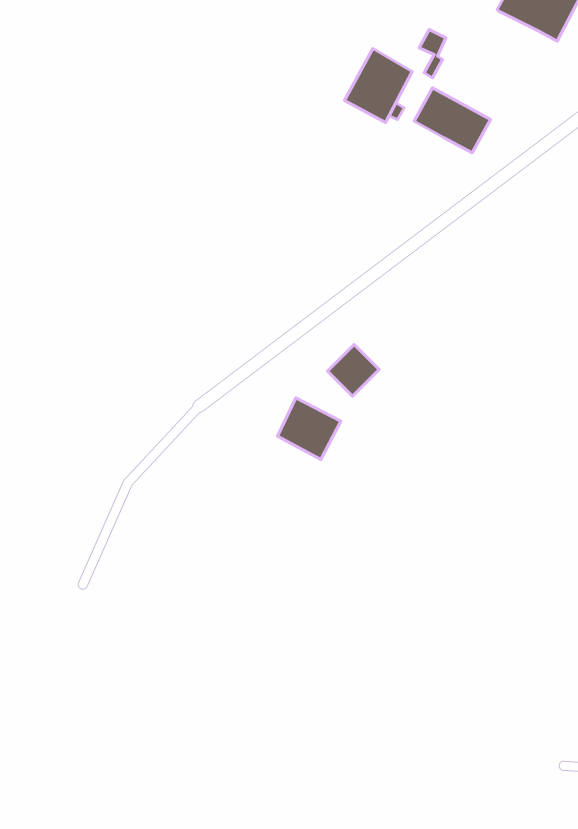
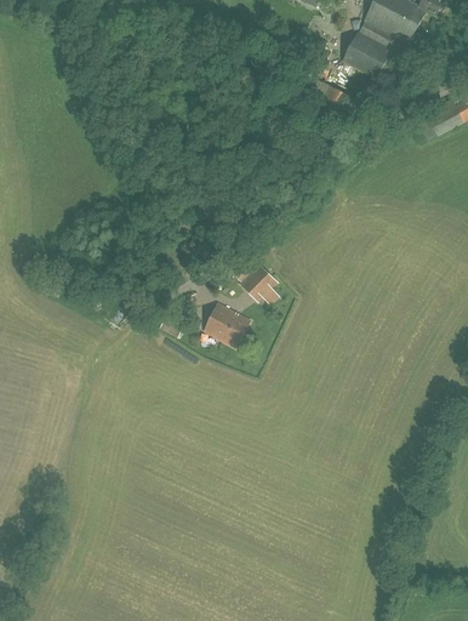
building: none -> [342,21,394,79]
building: [345,48,412,123] -> none

